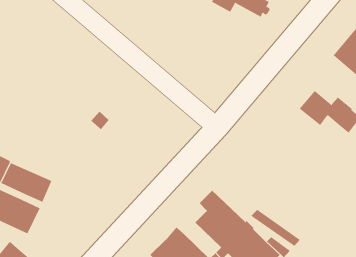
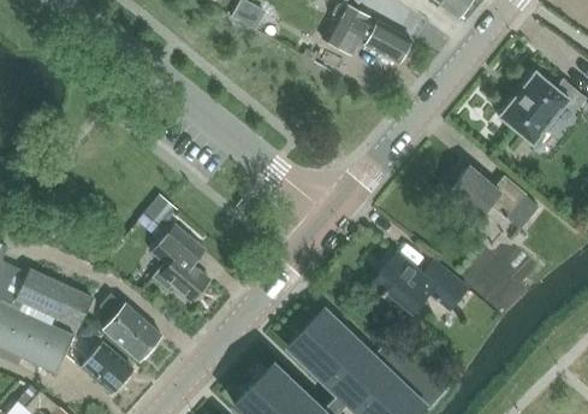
building: none -> [152,224,208,301]
building: none -> [369,252,469,318]
building: none -> [100,297,162,361]
building: none -> [83,343,133,394]

